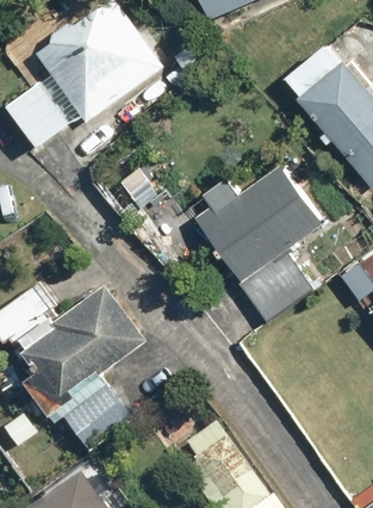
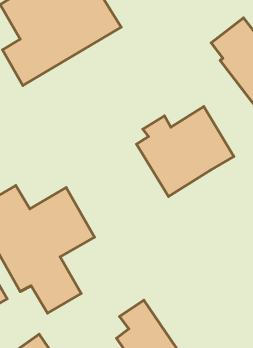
building: [240,247,321,324] -> none

